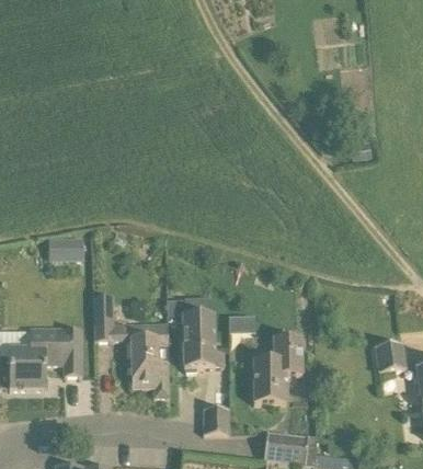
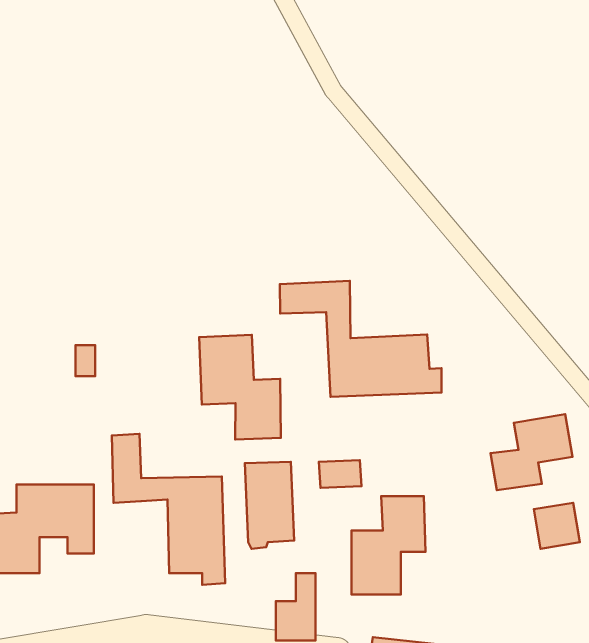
building: none -> [280,281,441,397]
building: none -> [199,335,281,440]
building: none -> [491,414,572,490]

